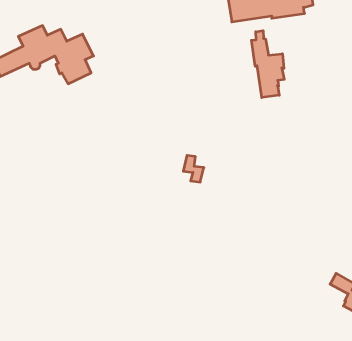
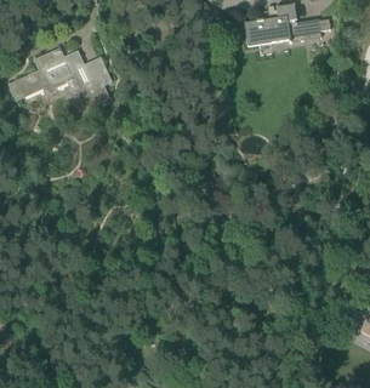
building: [251,31,284,98] -> none

